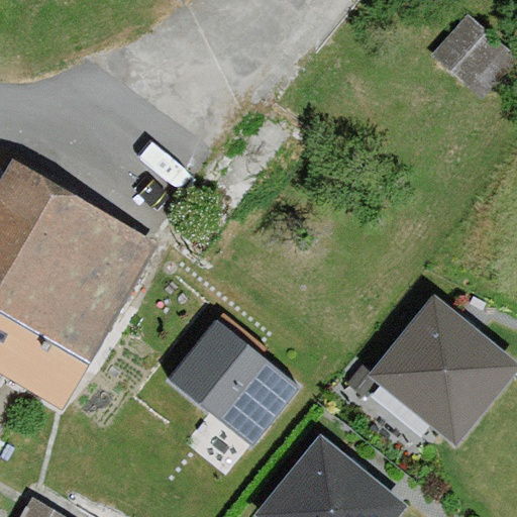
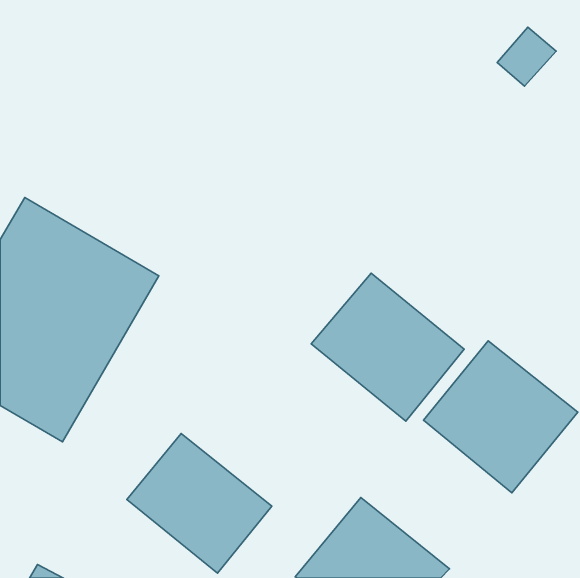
building: none -> [311,273,464,421]
building: [169,320,298,444] -> [127,434,272,573]

